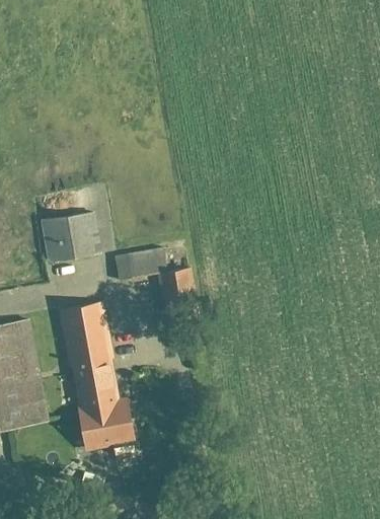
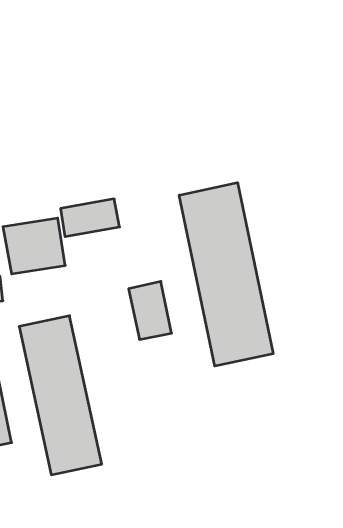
building: none -> [179,183,273,366]
building: [112,242,168,278] -> [61,199,120,237]

